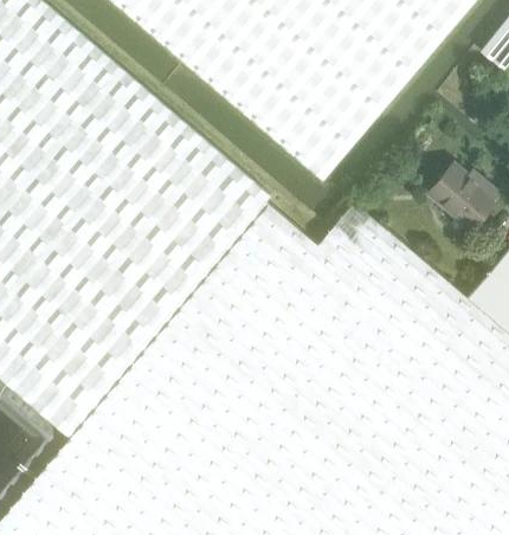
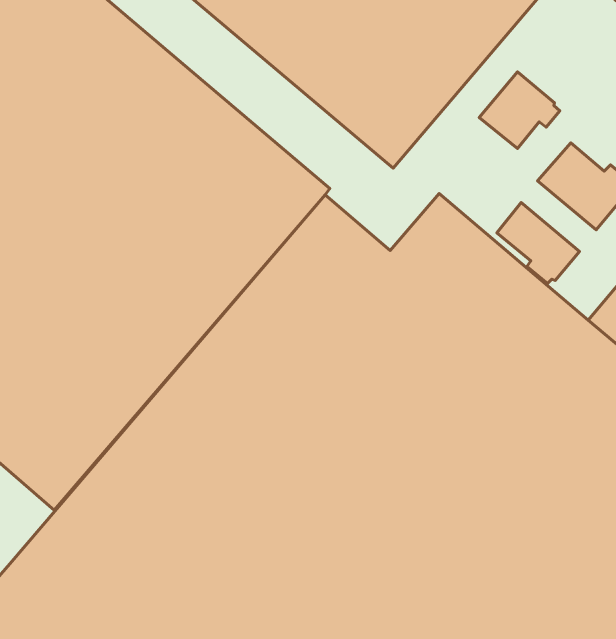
building: none -> [479,72,560,148]
building: none -> [497,203,580,284]

